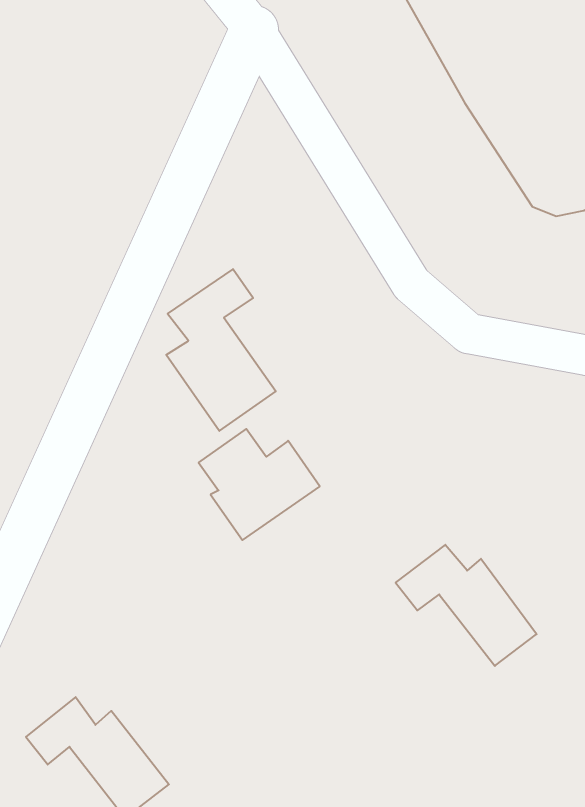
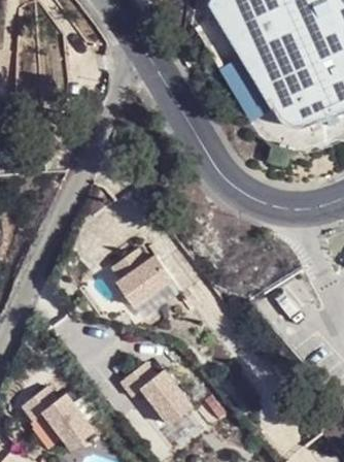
building: [166,269,276,431] -> none
building: [396,545,537,666] -> [119,358,193,421]

